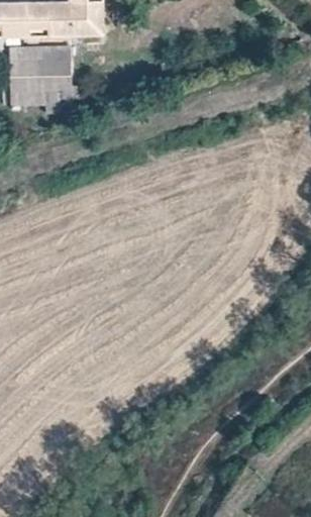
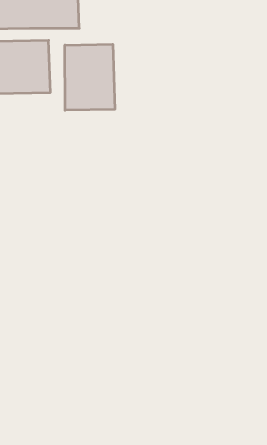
building: none -> [65,44,115,110]

